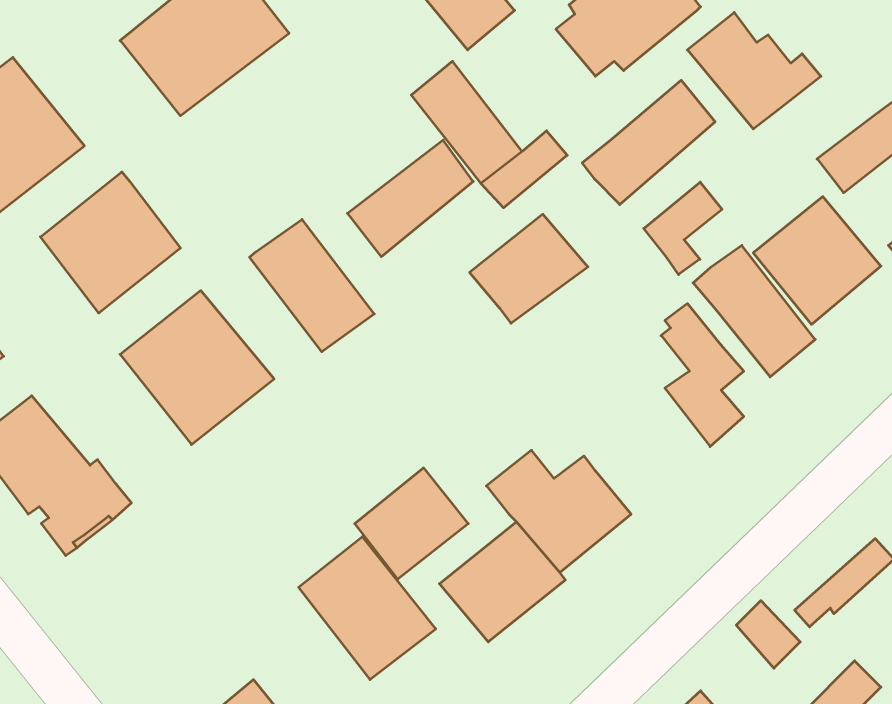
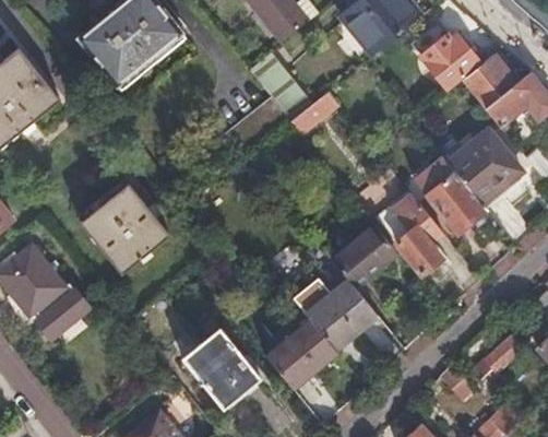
building: none -> [462,51,521,108]
building: [582,80,715,205] -> none
building: [40,172,180,313] -> none
building: [644,182,722,275] -> none
building: [470,214,588,323] -> [332,226,401,290]
building: [250,219,374,352] -> none
building: [355,468,468,579] -> none

